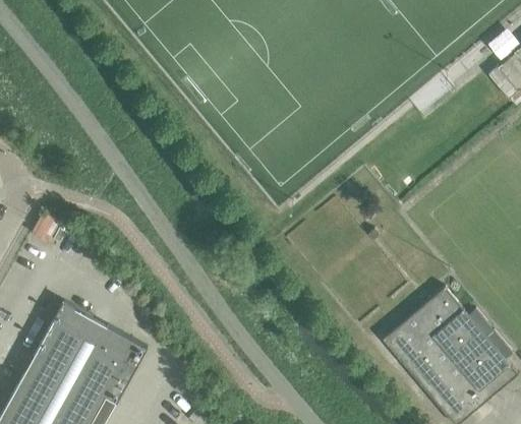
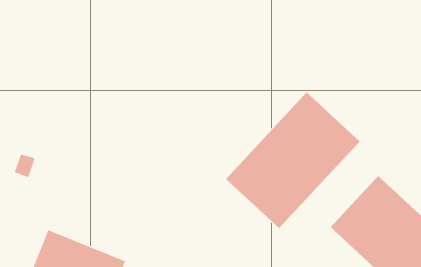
building: none -> [225,92,360,229]

